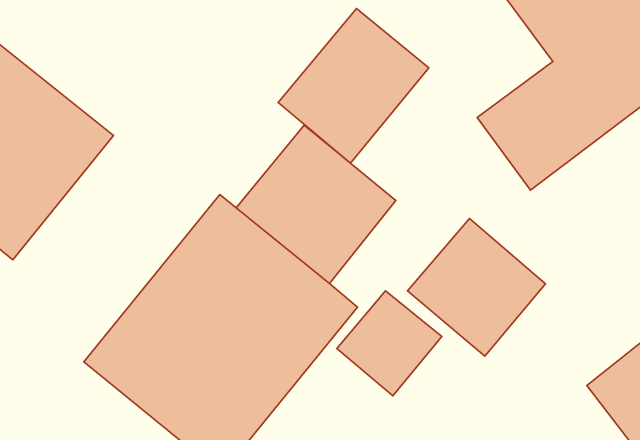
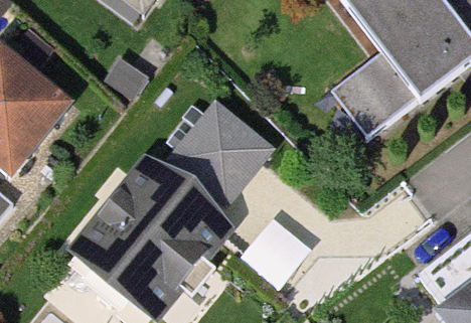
building: [278,9,429,163] -> none
building: [407,218,546,356] -> none

